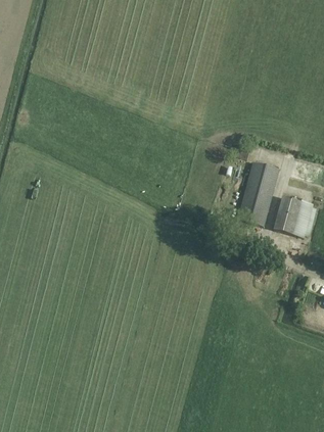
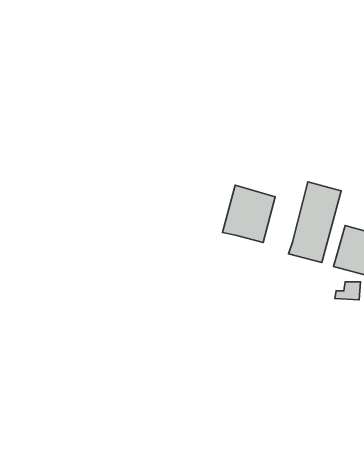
building: none -> [222,185,275,243]

